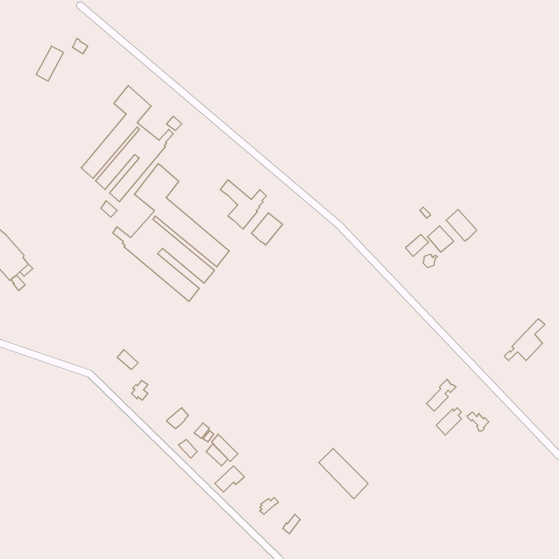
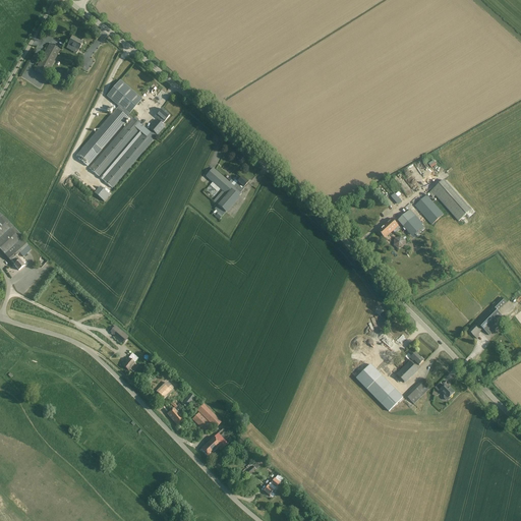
building: [113,164,229,301] -> none
building: none -> [427,179,470,221]
building: [252,213,283,245] -> none
building: [319,448,368,499] -> [356,364,402,411]

